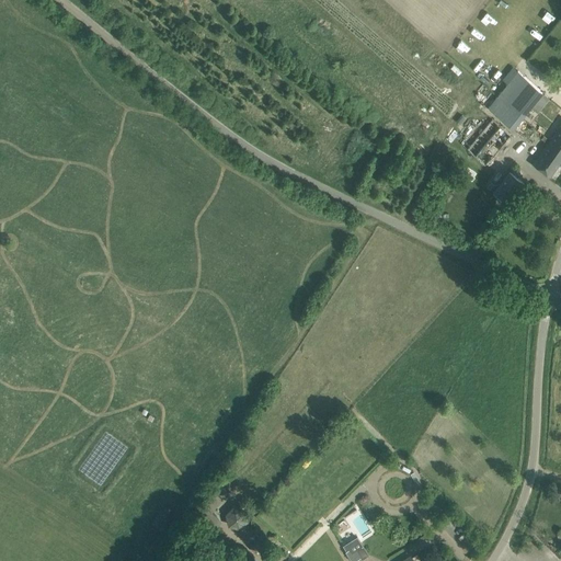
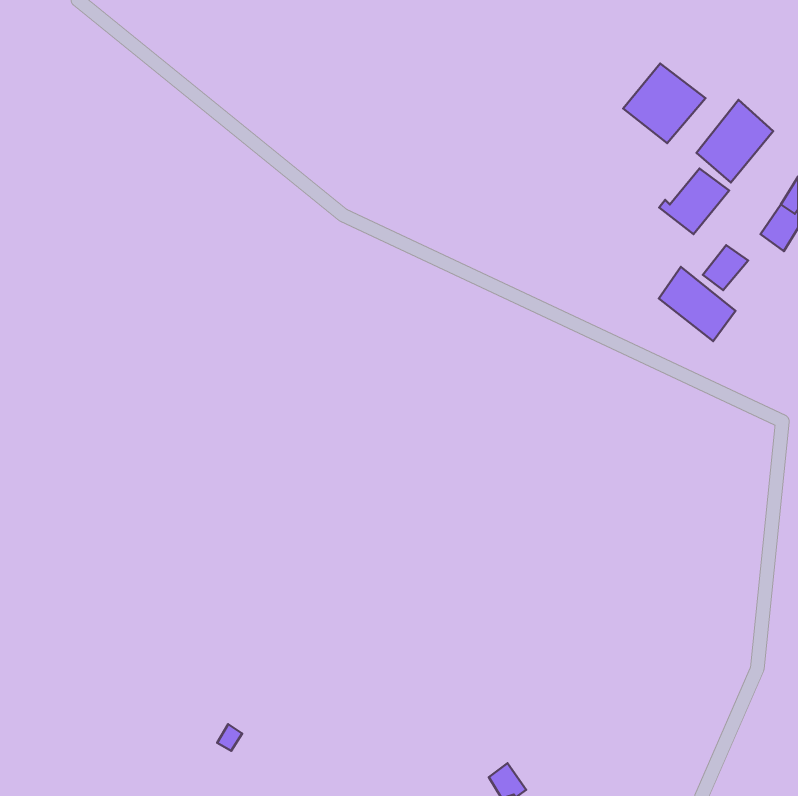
building: none -> [623,64,706,143]
building: none -> [659,267,736,341]

